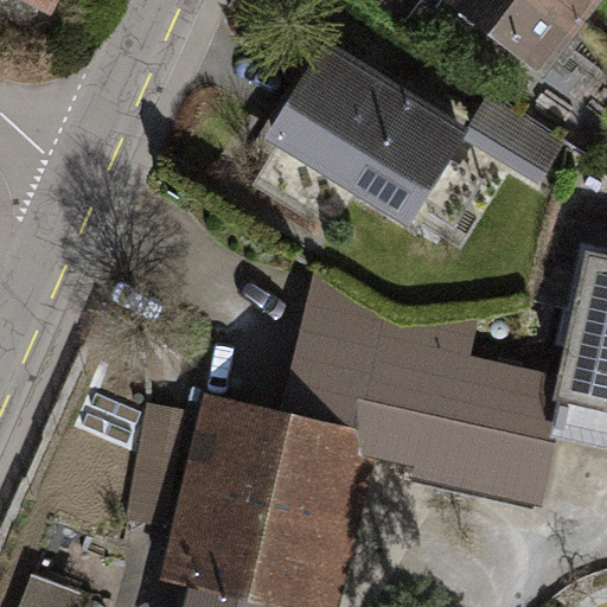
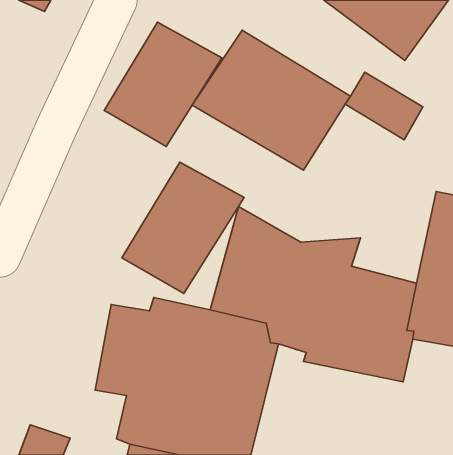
building: none -> [104,22,222,146]
building: none -> [122,162,244,294]

